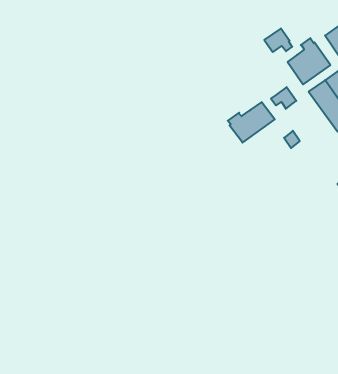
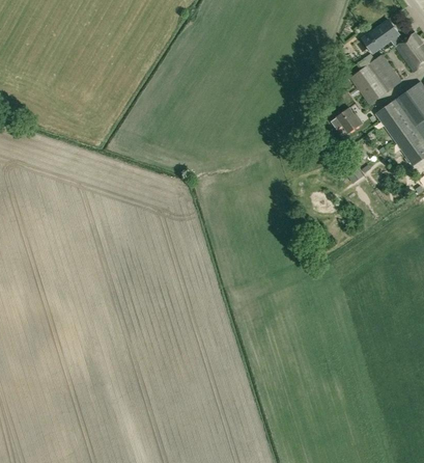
building: [264,28,292,52] -> [369,19,402,47]
building: [228,102,275,143] -> none

